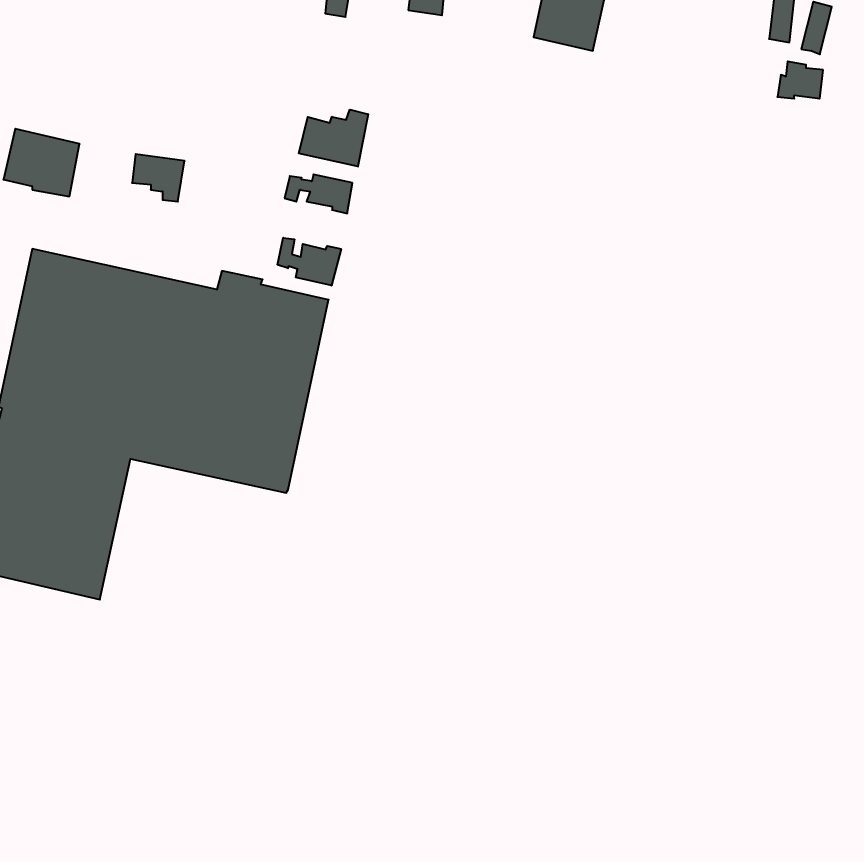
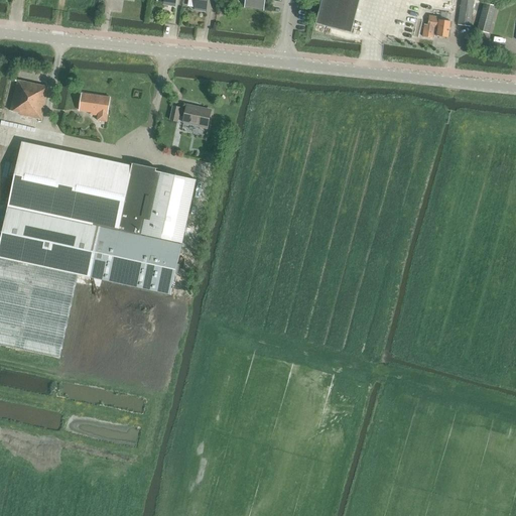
building: [777,61,823,99] -> [422,14,449,36]
building: [299,110,368,167] -> none
building: [277,238,341,286] -> none

